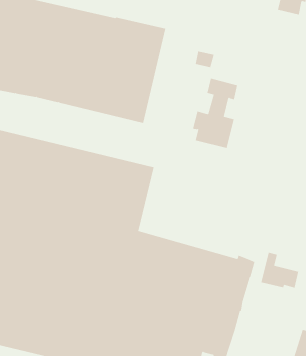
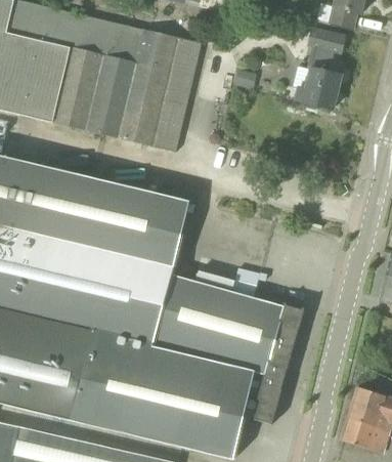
building: [192,78,238,149] -> [292,27,344,108]
building: [261,252,299,288] -> none

